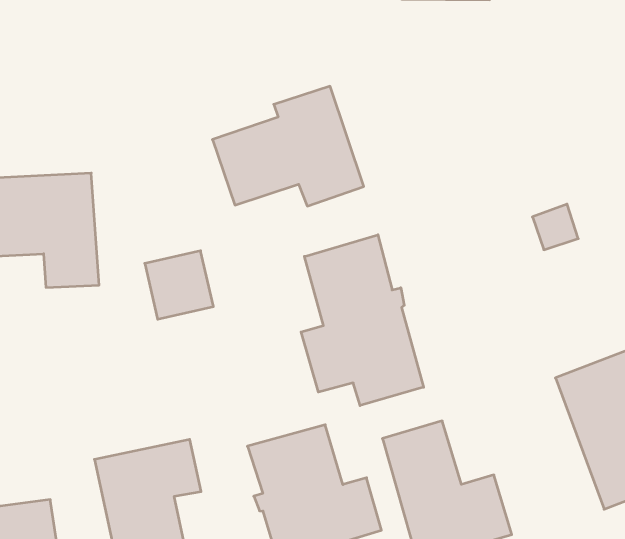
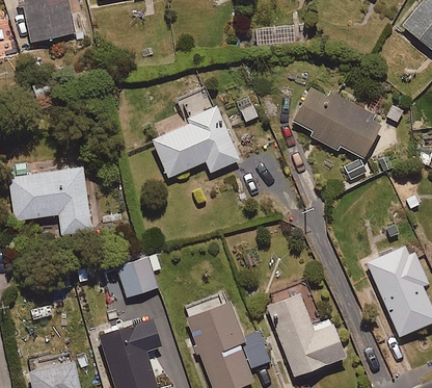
building: none -> [292,86,382,157]
building: [301,235,424,406] -> none
building: [145,251,213,319] -> [115,256,158,299]

